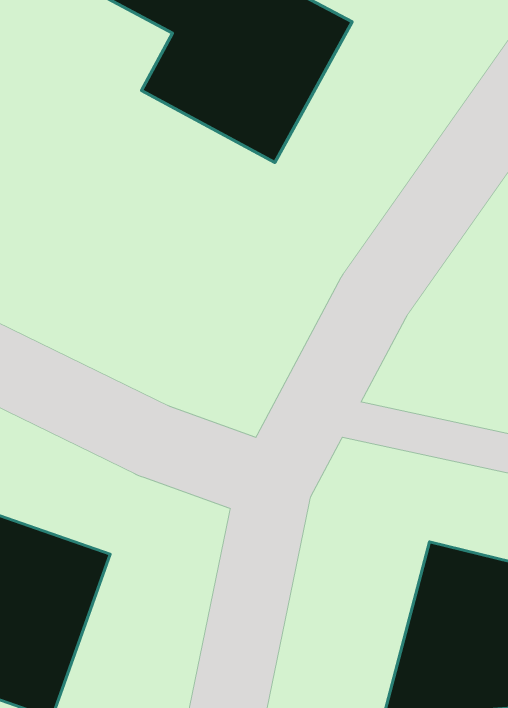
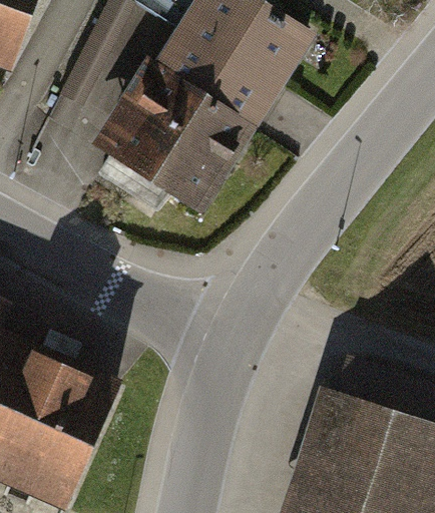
building: none -> [100,69,249,208]

